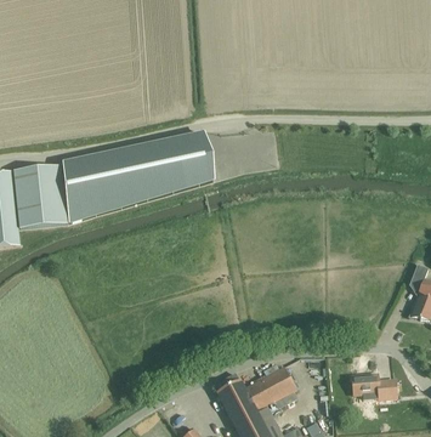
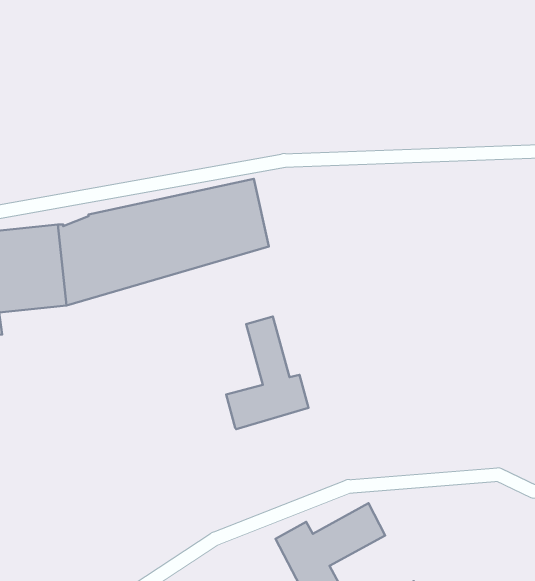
building: none -> [226,317,308,429]
building: [352,373,397,398] -> none

